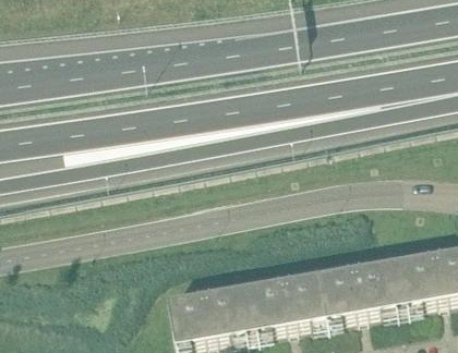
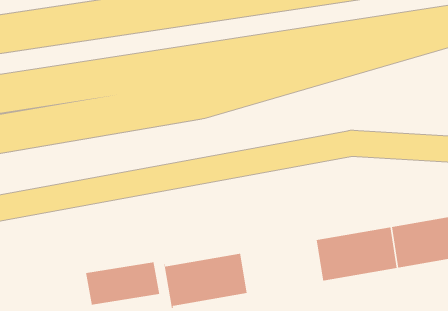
building: [244,276,326,329] -> none
building: none -> [86,261,160,306]

